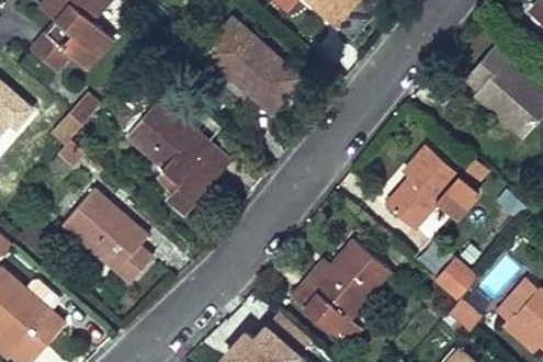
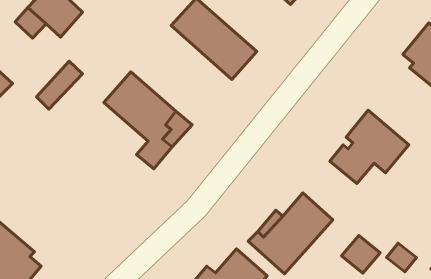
building: [66,190,155,284] -> none
building: [435,261,479,304] -> [342,236,380,273]

